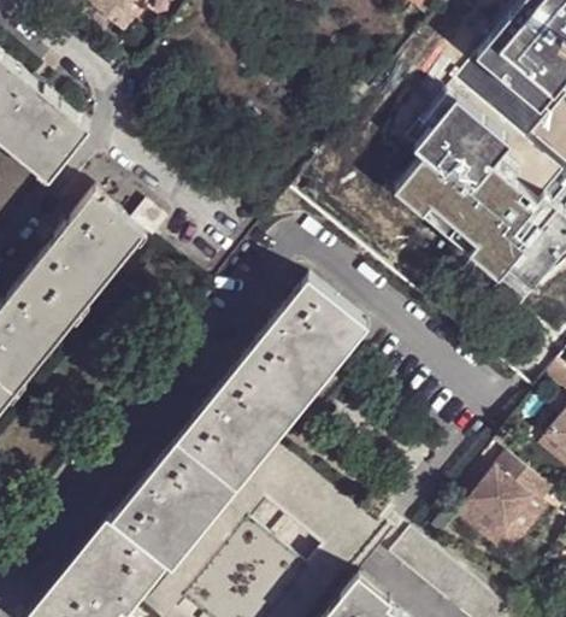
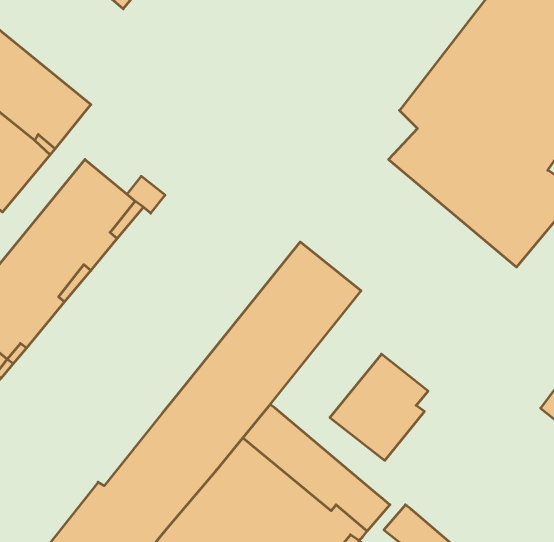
building: [453,460,552,568] -> [330,354,428,460]

